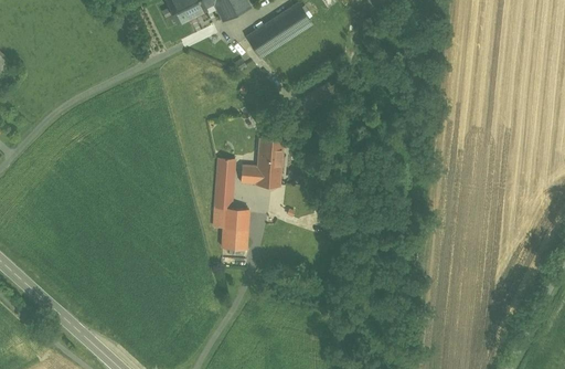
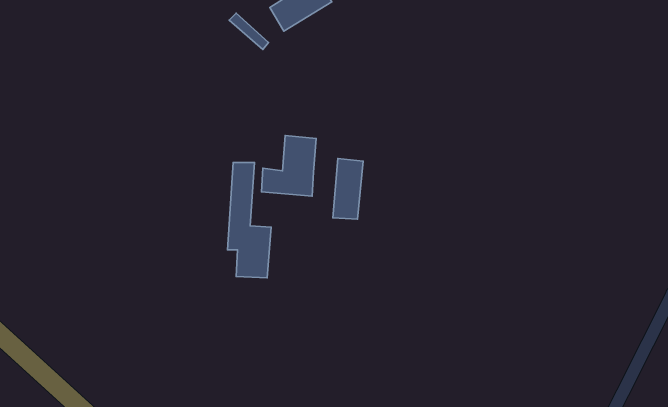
building: none -> [333,158,363,219]

